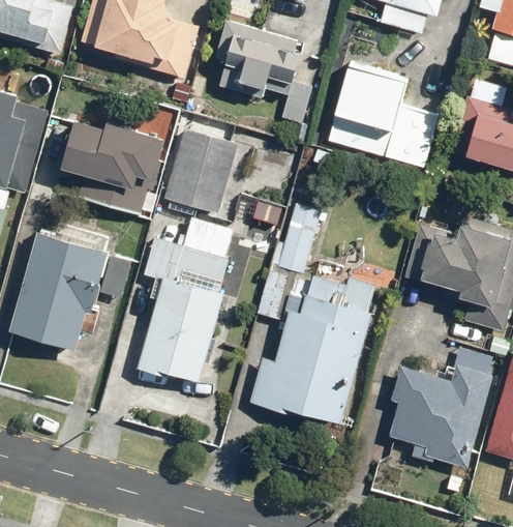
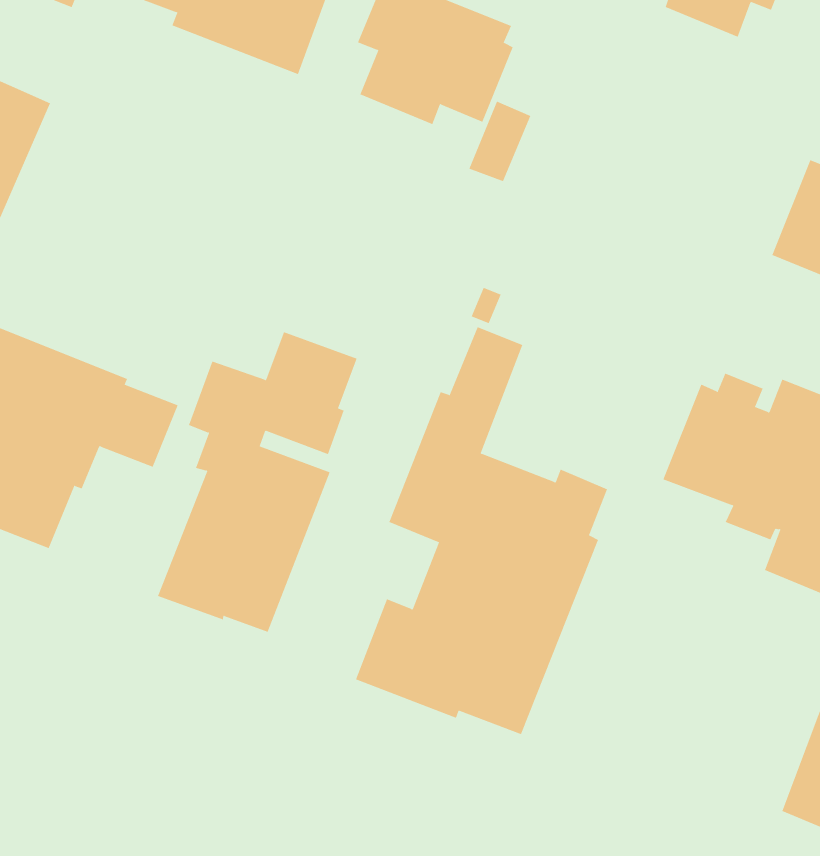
building: [327,61,437,166] -> none
building: [61,120,164,216] -> none
building: [162,128,237,213] -> none
building: [389,364,493,468] -> none

